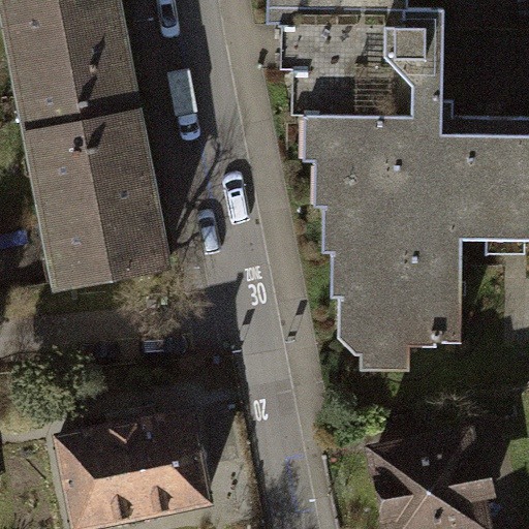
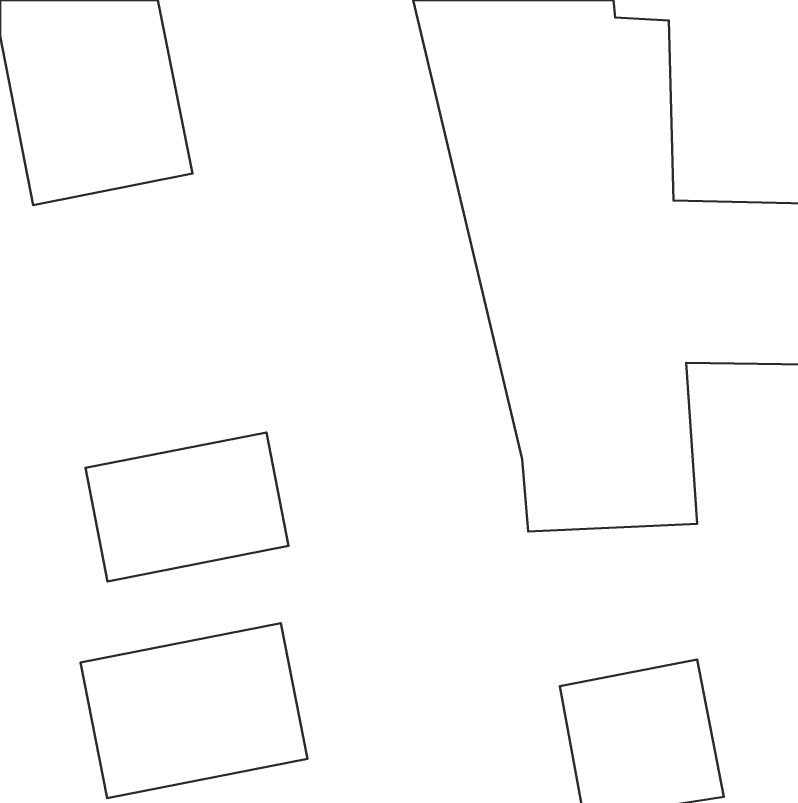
building: [27,116,160,284] -> none
building: none -> [86,432,289,581]

